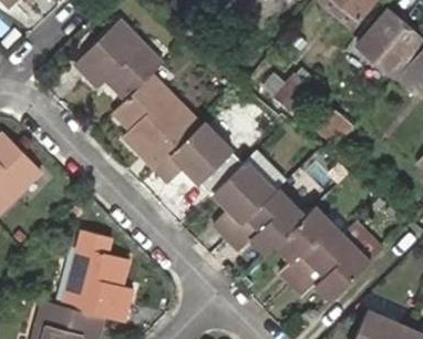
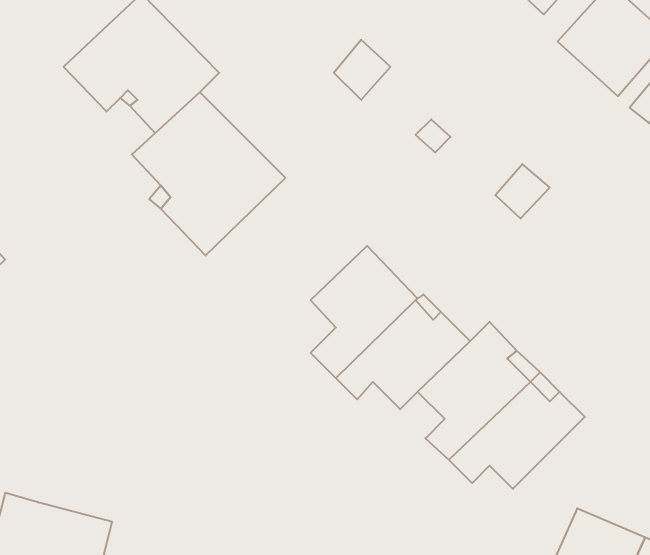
building: [156,121,231,182] -> none
building: [61,233,131,325] -> none

